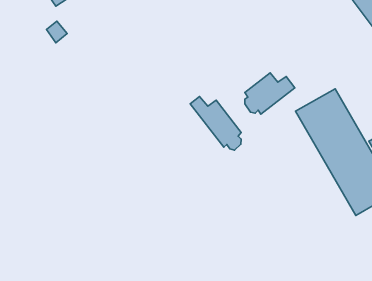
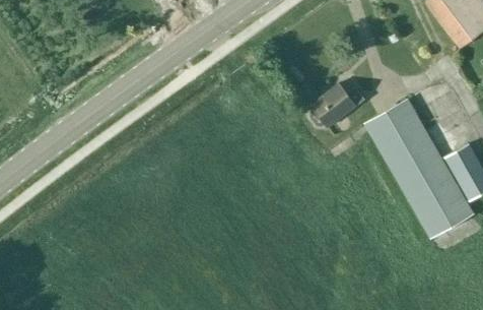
building: [190,96,241,150] -> none

